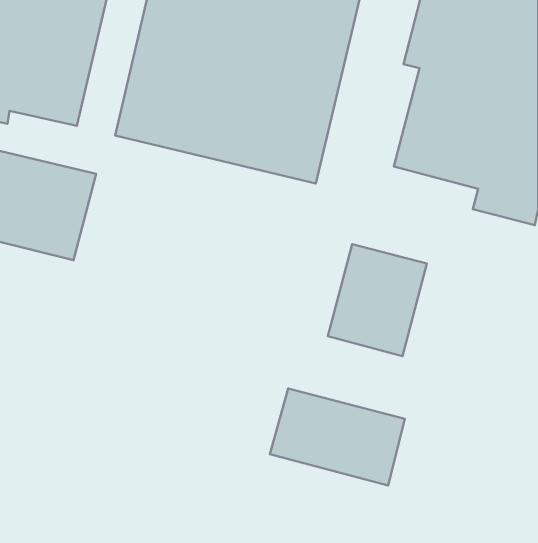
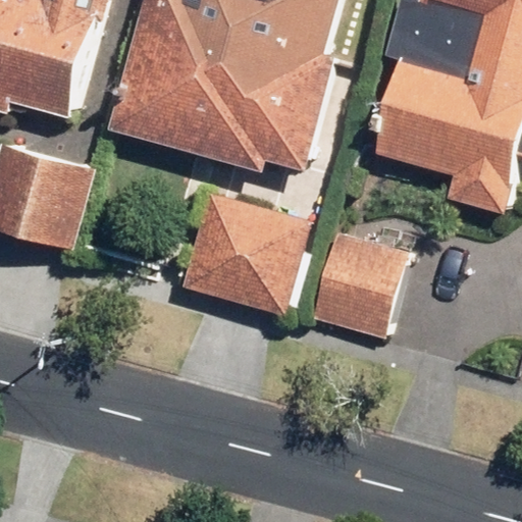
building: none -> [182,191,309,312]
building: [270,388,405,485] -> none

